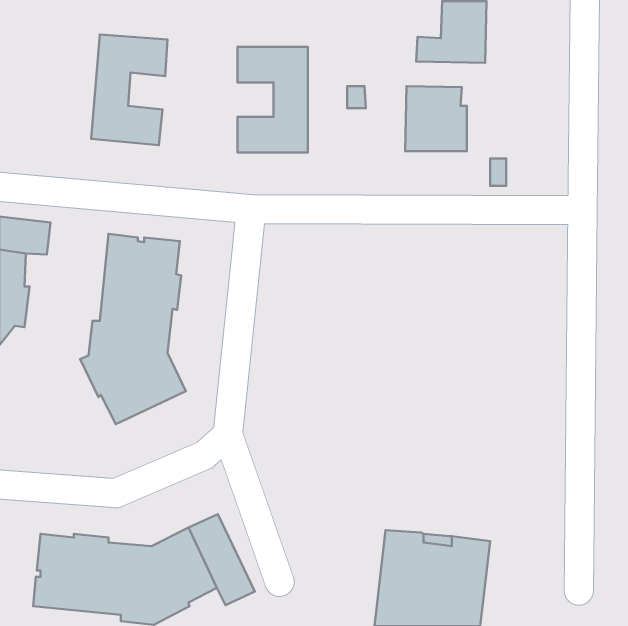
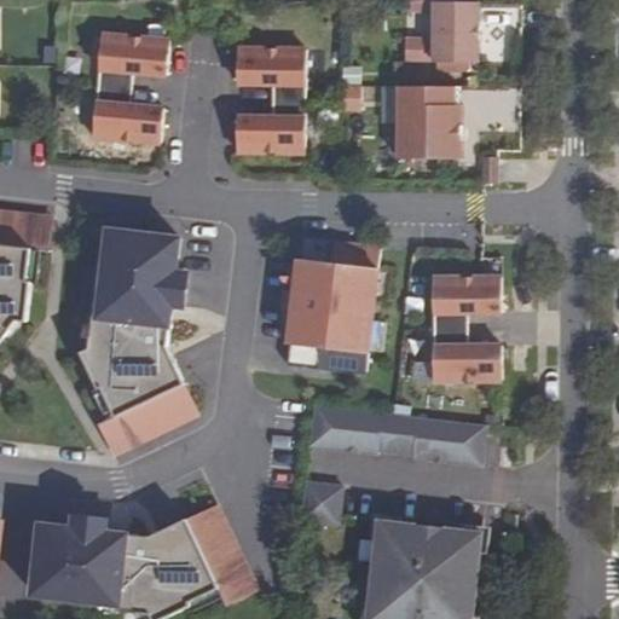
building: none -> [279,235,377,369]
building: none -> [430,274,499,378]
building: none -> [98,384,197,453]
building: none -> [308,404,485,465]
building: none -> [300,481,342,523]

